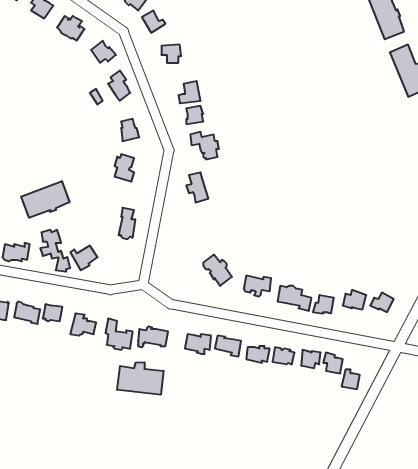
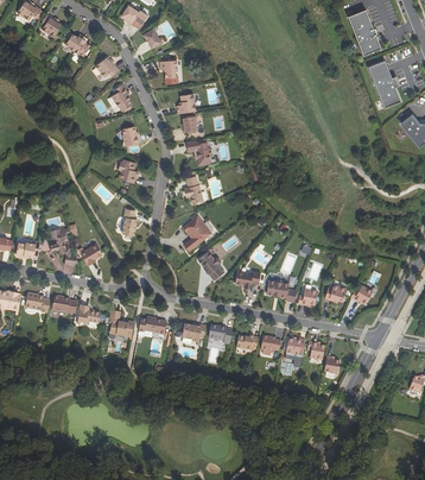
building: [21,181,70,218] -> none
building: none -> [180,213,211,251]
building: [117,362,164,395] -> none

